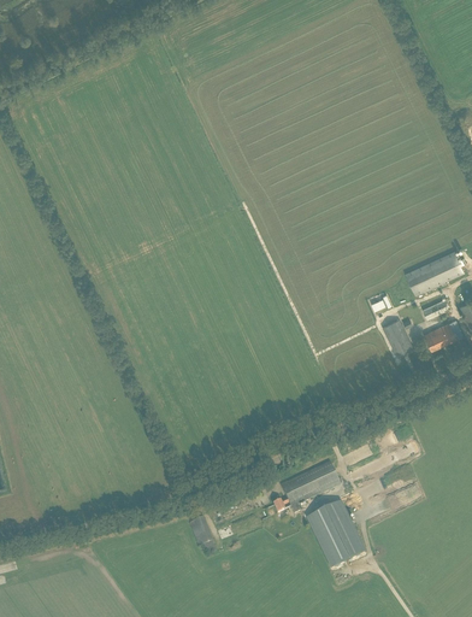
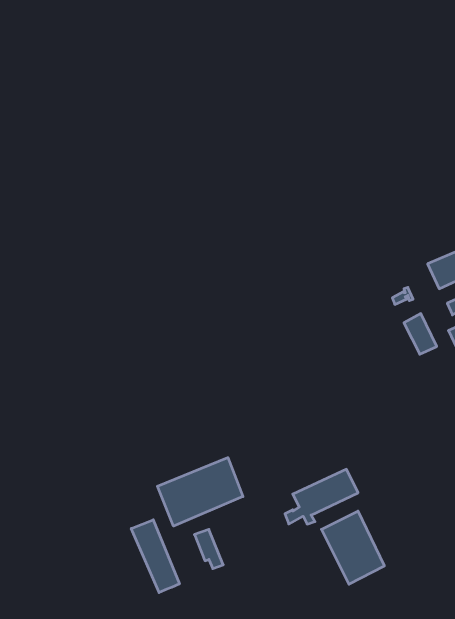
building: none -> [157,458,243,526]
building: none -> [131,520,179,593]

